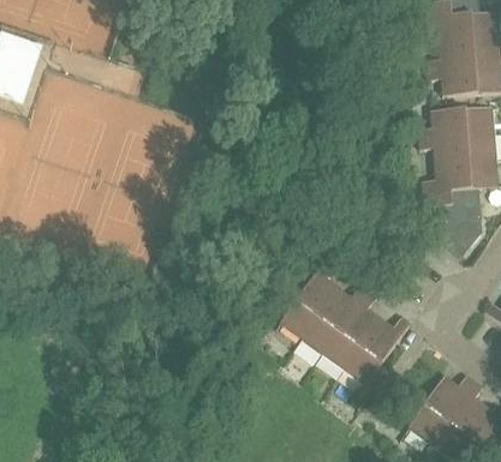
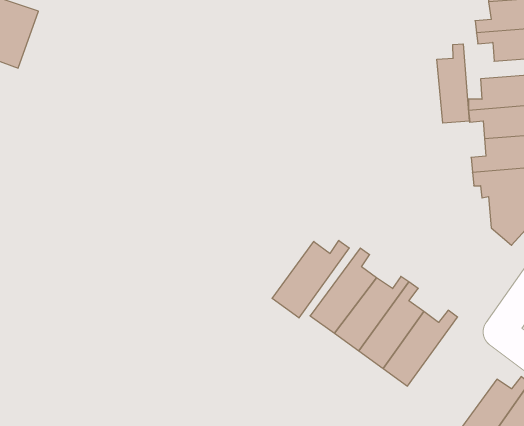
building: none -> [437,44,469,123]
building: none -> [272,240,349,318]

